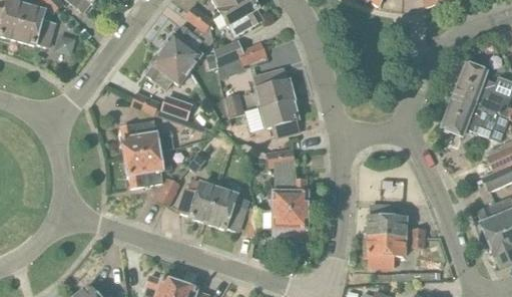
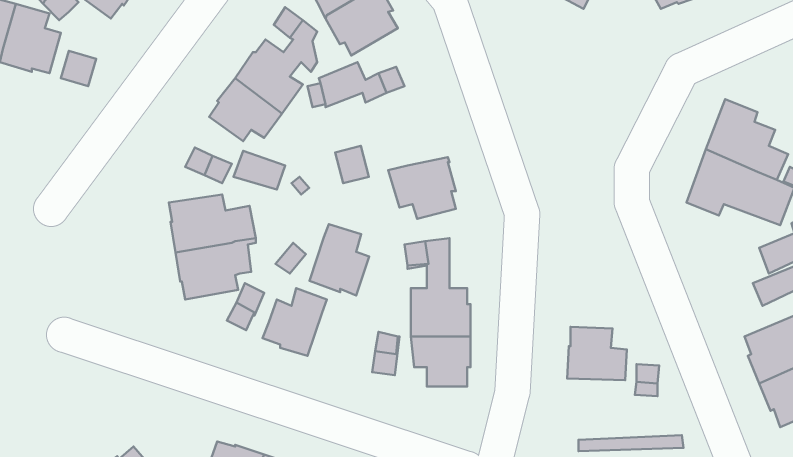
building: [252,69,294,107] -> none
building: [206,188,243,232] -> [309,224,369,295]
building: [367,237,404,268] -> none

